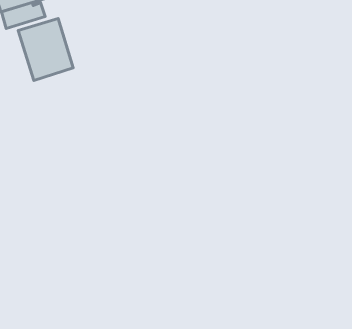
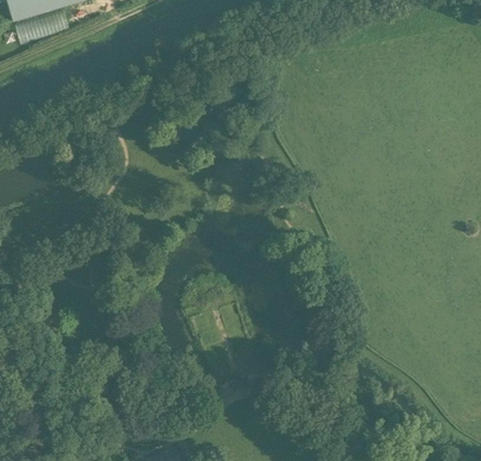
building: [18,19,73,80] -> none

